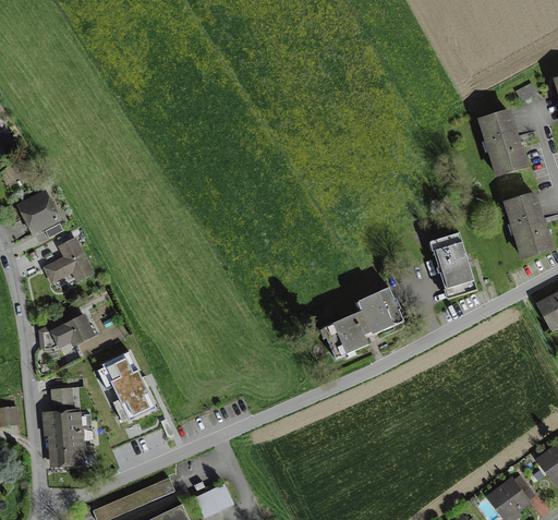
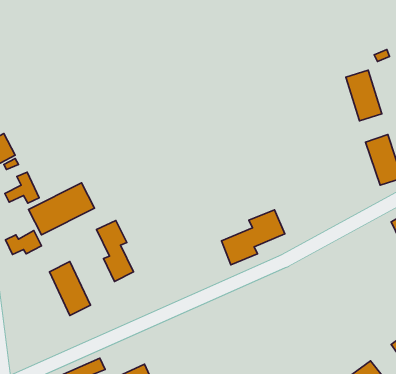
building: [434,234,475,297] -> none
building: none -> [29,183,94,235]
building: none -> [97,220,133,281]
building: [45,389,82,462] -> none

